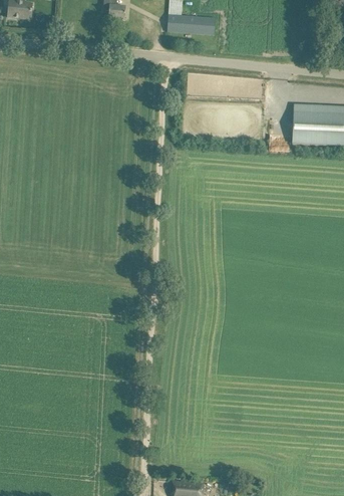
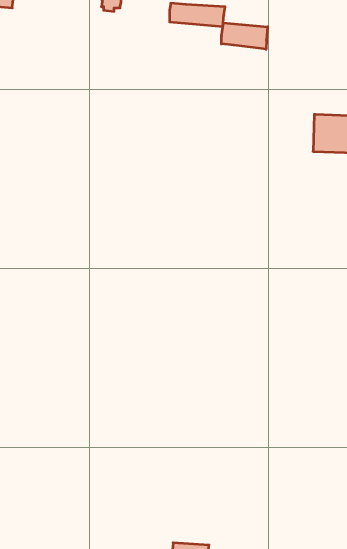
building: none -> [221,23,268,49]

